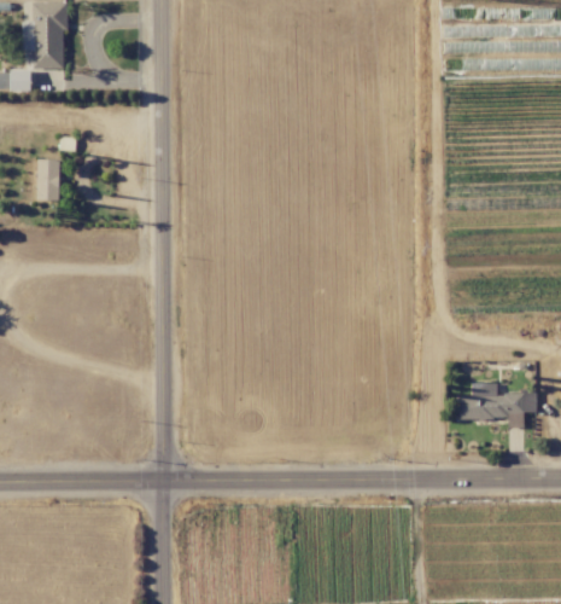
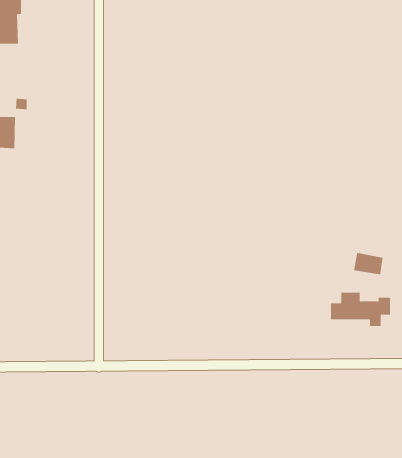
building: none -> [353,252,383,275]

